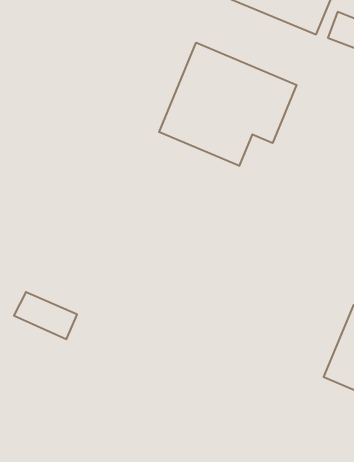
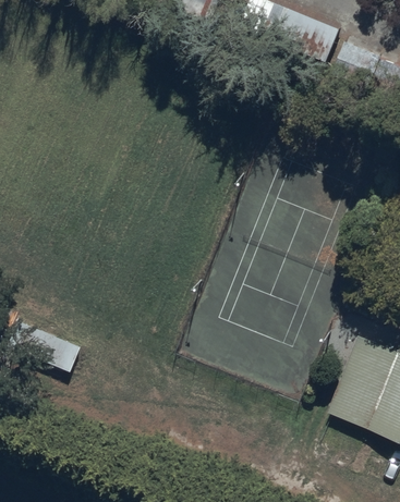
building: [159,43,297,166] -> none

